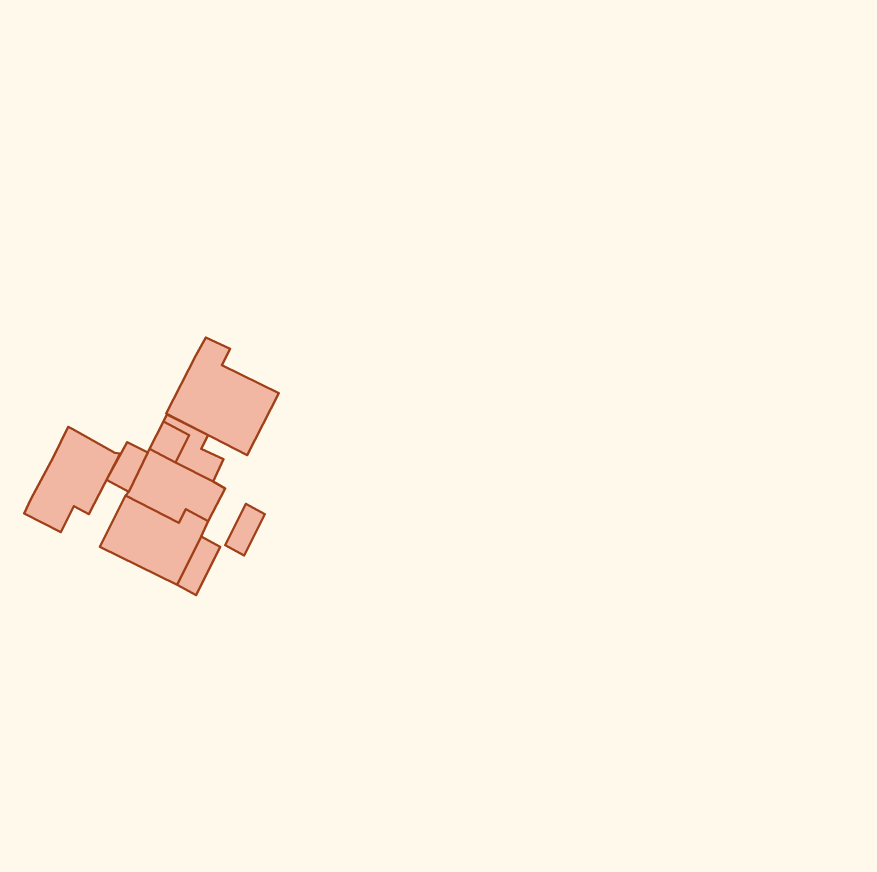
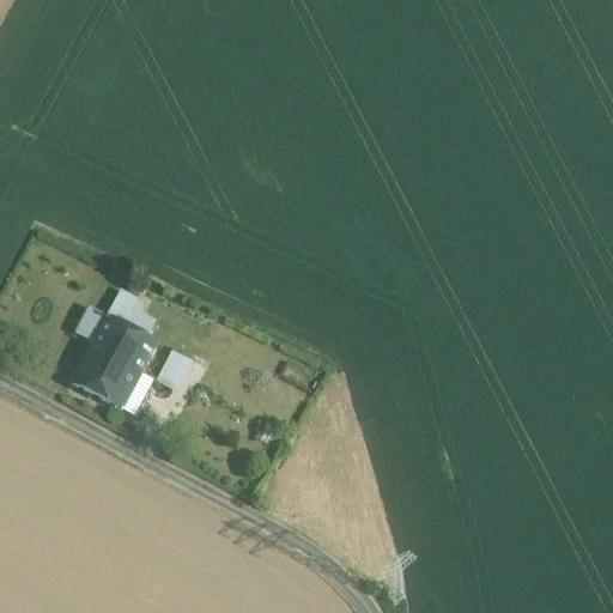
building: [166,337,279,455] -> none
building: [24,427,120,532] -> none

